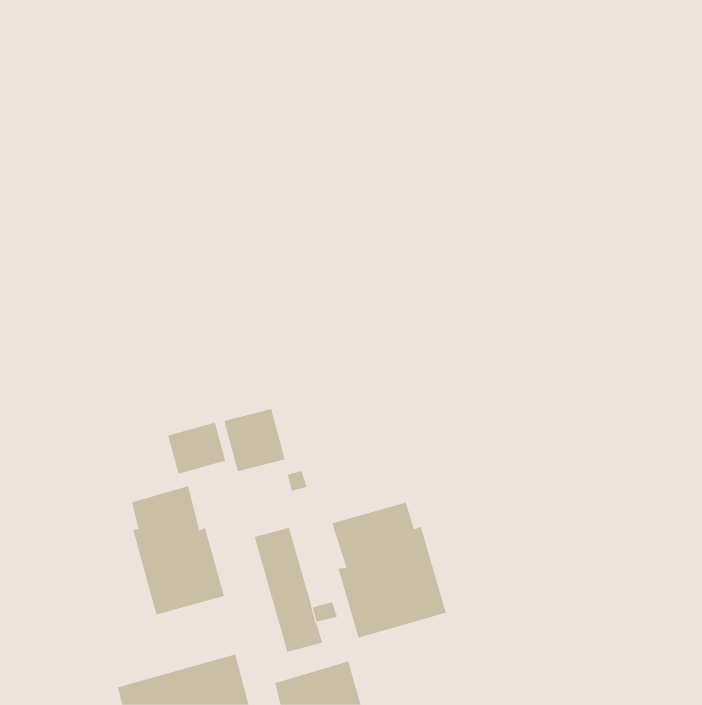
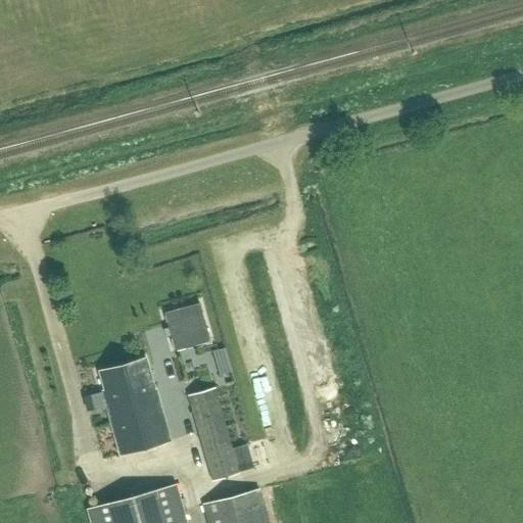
building: [167,422,226,475] -> none
building: [331,502,447,638] -> none

